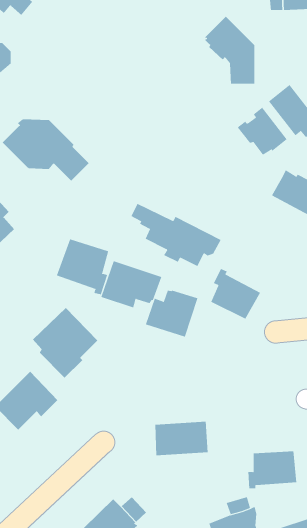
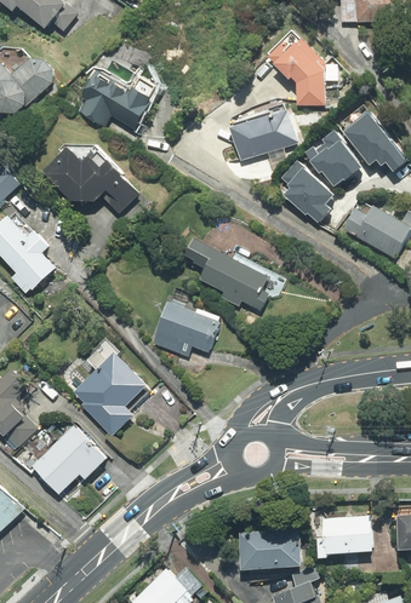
building: none -> [79,69,158,128]
building: none -> [232,103,297,160]
building: none -> [281,161,332,222]
building: [56,238,109,295] -> none
building: [211,268,261,319] -> none
building: [145,290,198,337] -> none
building: [154,421,209,456] -> [240,530,301,569]

